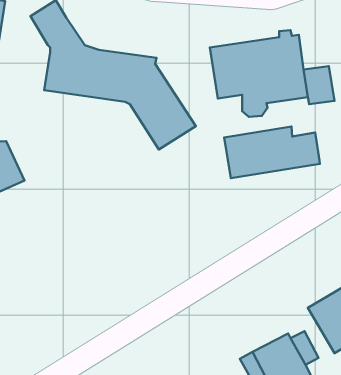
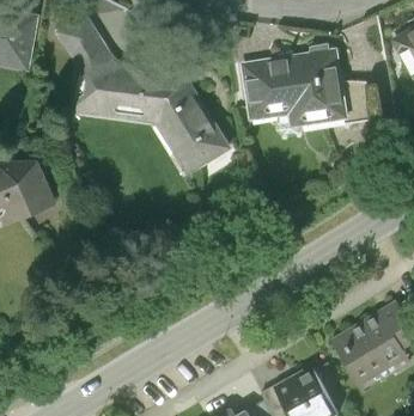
building: [224,127,320,178] -> none

